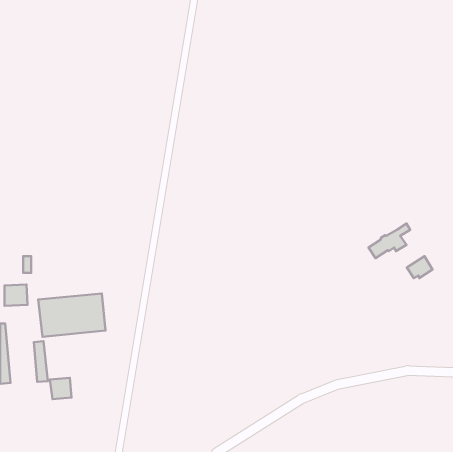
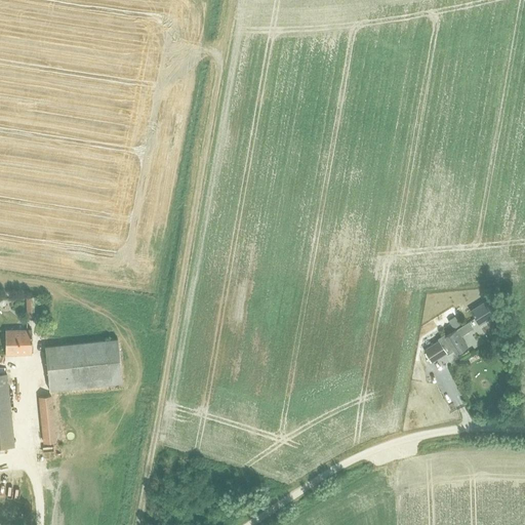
building: [368,224,410,258] -> [423,323,472,363]
building: [50,378,72,399] -> none

